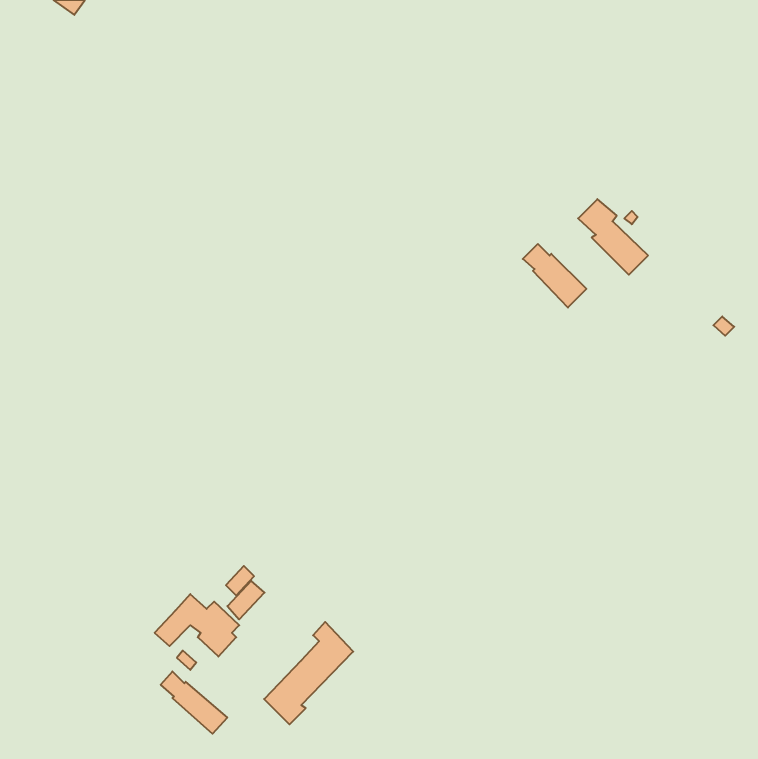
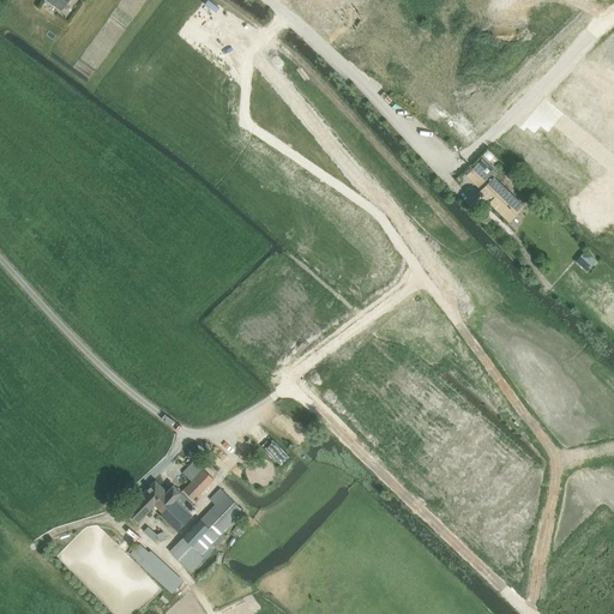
building: [523,244,586,308] -> none
building: [264,622,353,724] -> [171,488,243,571]

